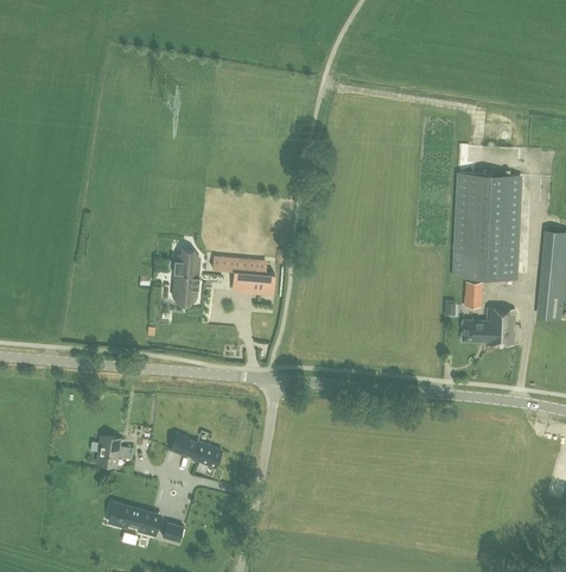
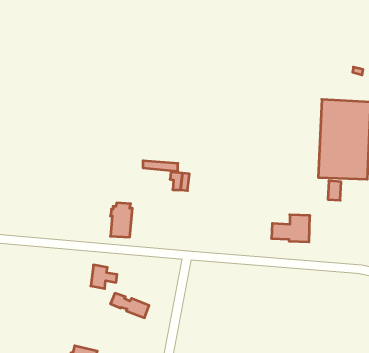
building: [170,252,199,298] -> [110,203,132,237]
building: [460,310,513,347] -> [271,215,310,242]
building: [96,436,132,468] -> [91,265,117,289]

